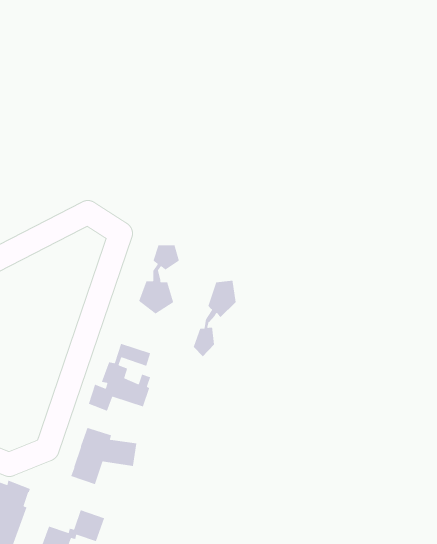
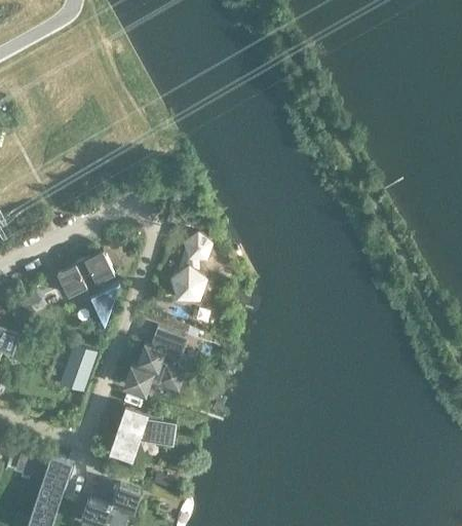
building: none -> [57,252,116,322]
building: [193,280,236,357] -> none
building: none -> [60,345,94,391]

